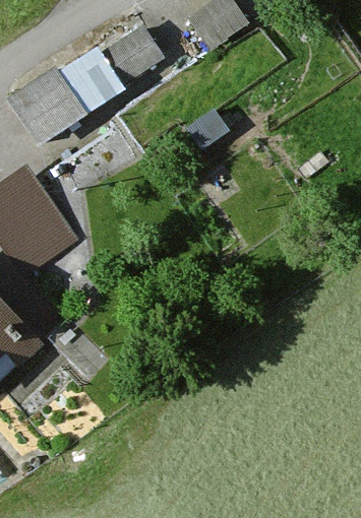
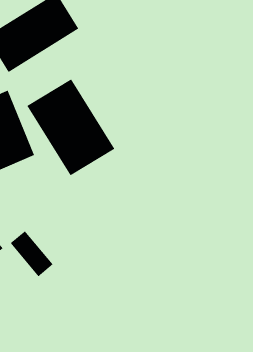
building: none -> [26,78,115,176]

